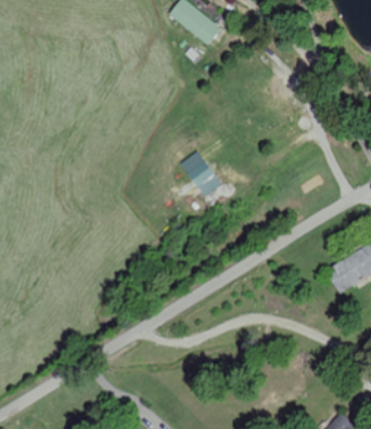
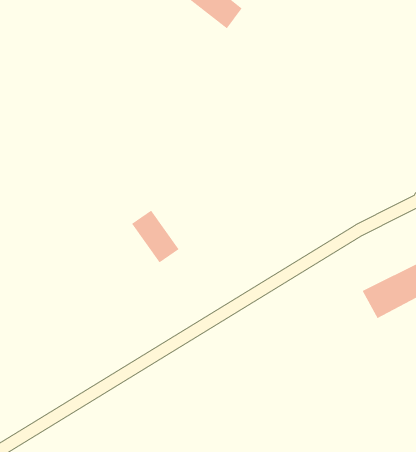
building: [181,152,222,197] -> [131,210,179,263]

